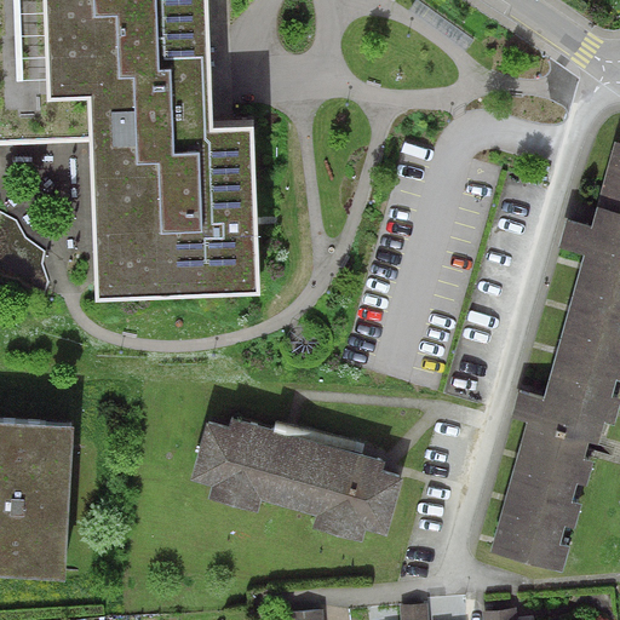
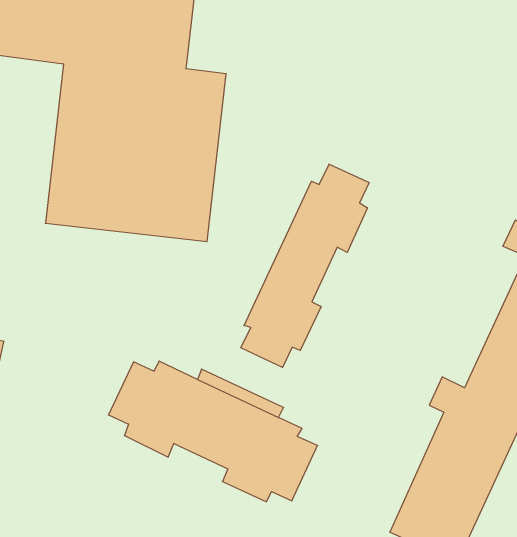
building: none -> [241,164,369,367]

